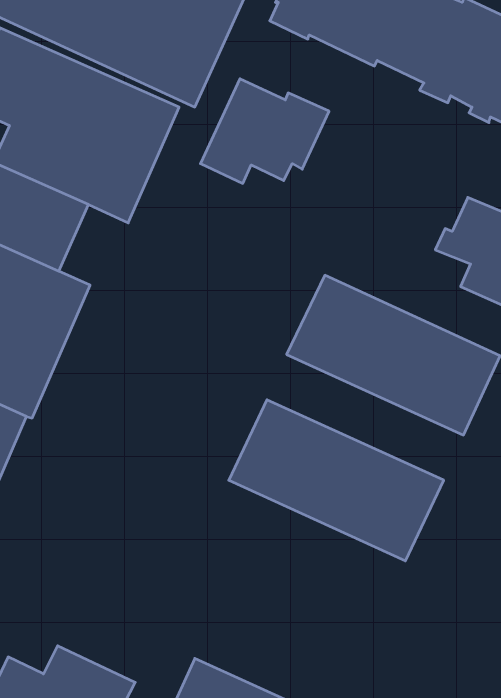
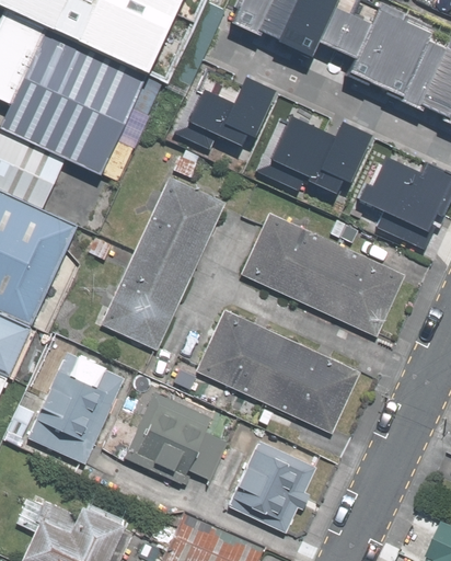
building: none -> [252,111,367,188]
building: none -> [100,178,227,353]
building: none -> [23,350,117,467]
building: none -> [112,391,216,489]
building: none -> [215,435,309,537]

